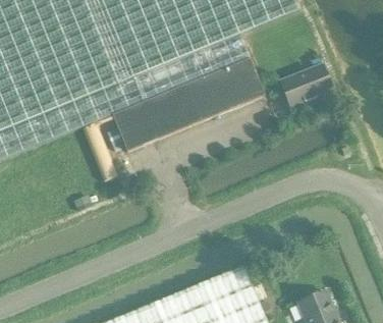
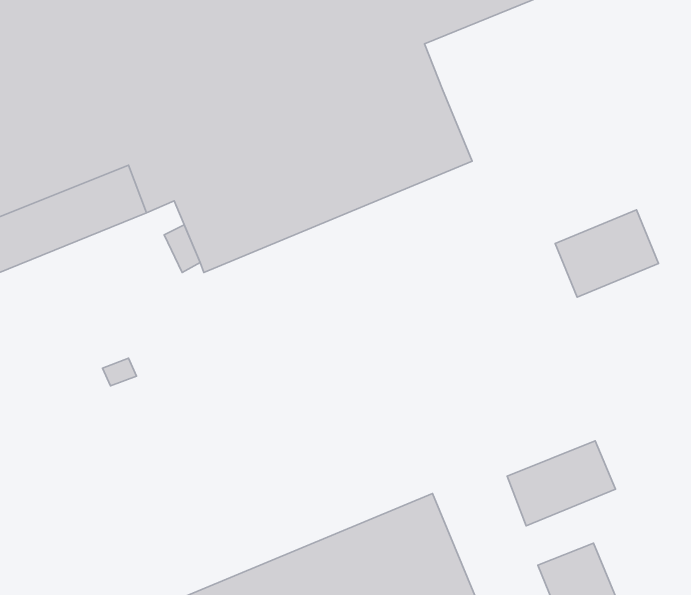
building: [279,65,332,110] -> [555,210,659,297]
building: none -> [507,441,616,526]

